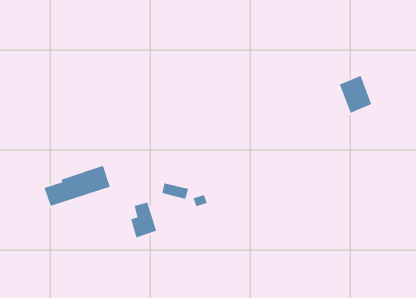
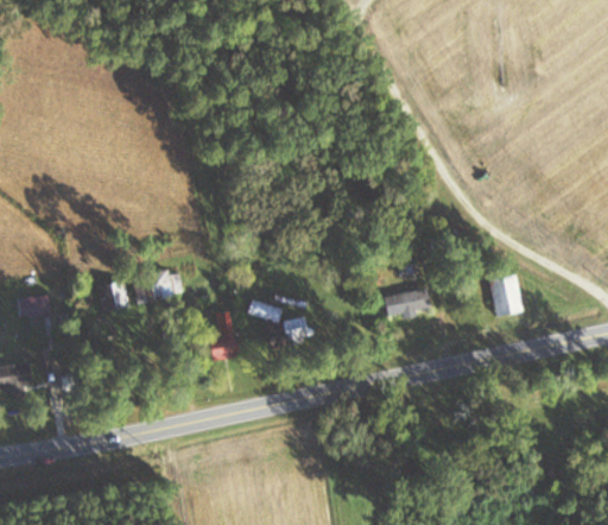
building: [339,75,372,114] -> [488,273,525,318]
building: none -> [384,286,430,318]

